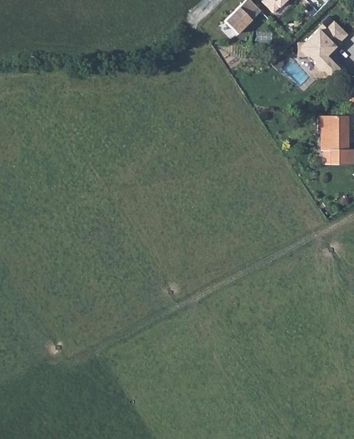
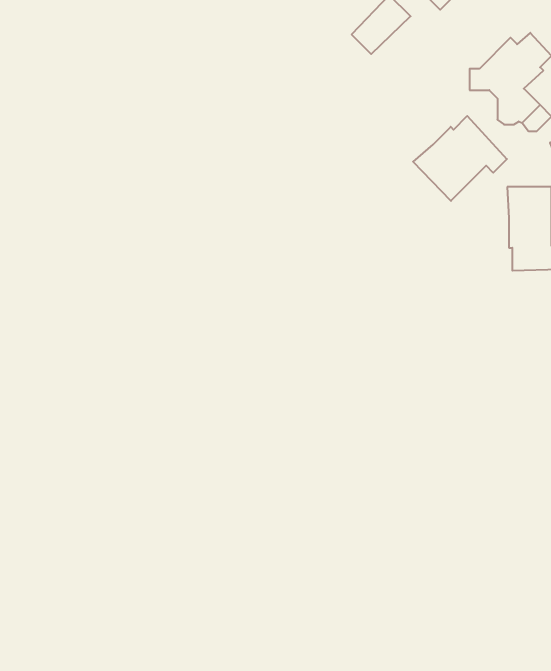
building: none -> [413,116,507,201]

